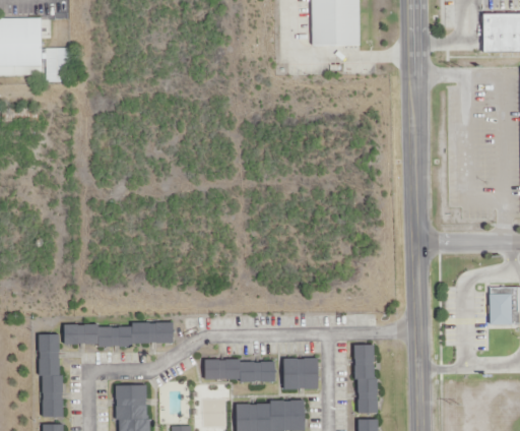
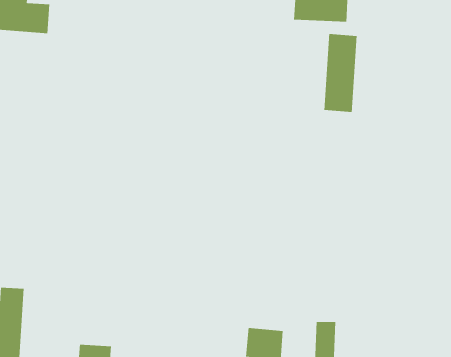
building: none -> [324,33,357,113]
building: [67,325,175,345] -> none
building: [207,359,278,380] -> none

